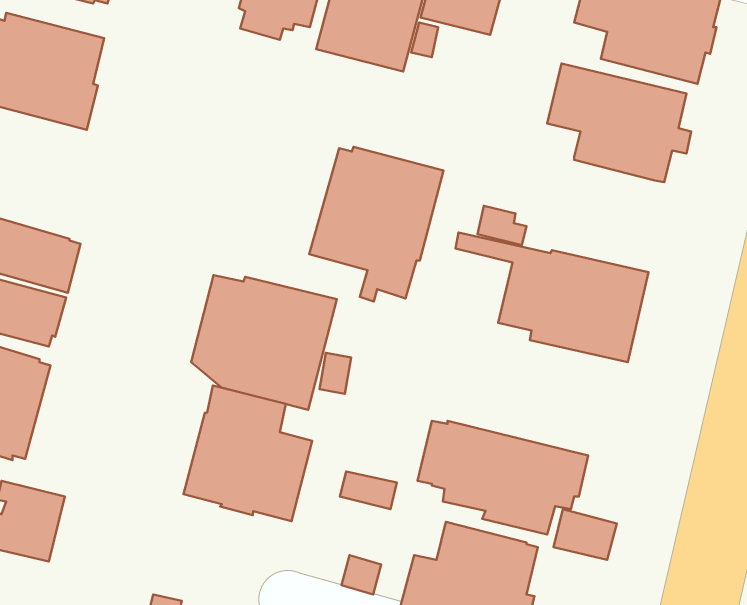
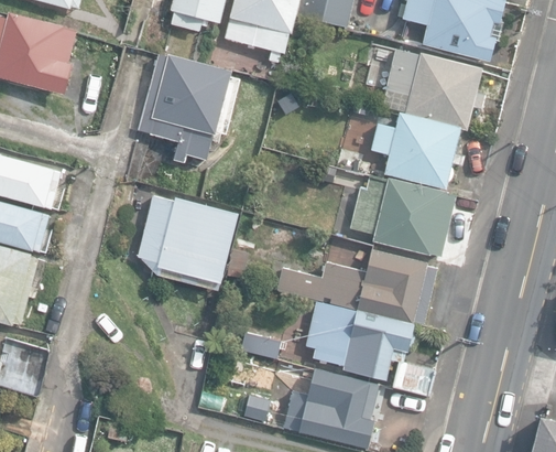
building: [309,147,444,302] -> [138,54,231,162]
building: none -> [370,112,461,190]
building: none -> [275,246,436,321]
building: [184,385,312,521] -> none

